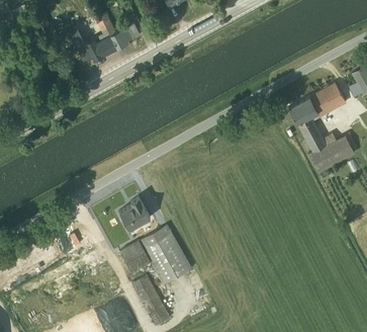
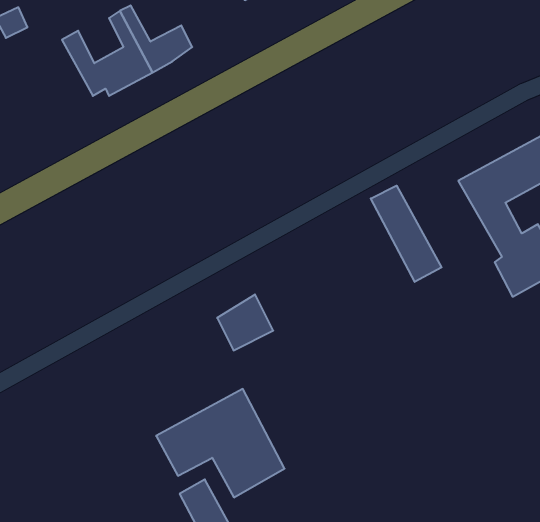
building: none -> [371,186,442,282]
building: [119,199,151,231] -> [217,294,273,350]

